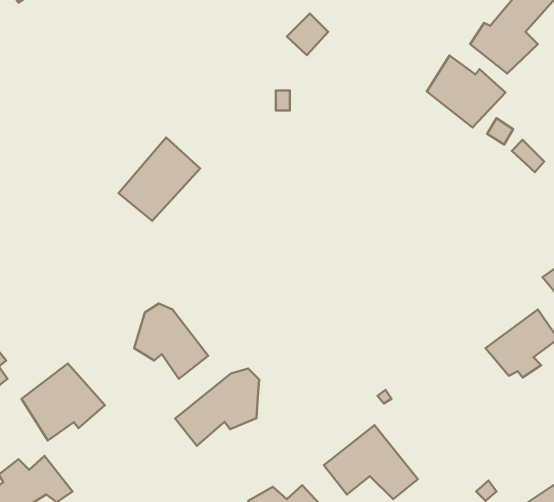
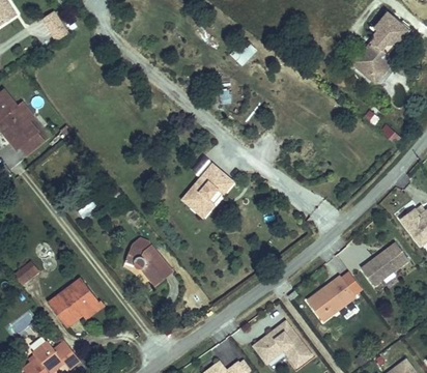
building: [427,56,505,128] -> none
building: [118,138,200,221] -> [181,162,236,218]
building: none -> [308,270,365,323]
building: [175,368,259,446] -> none

